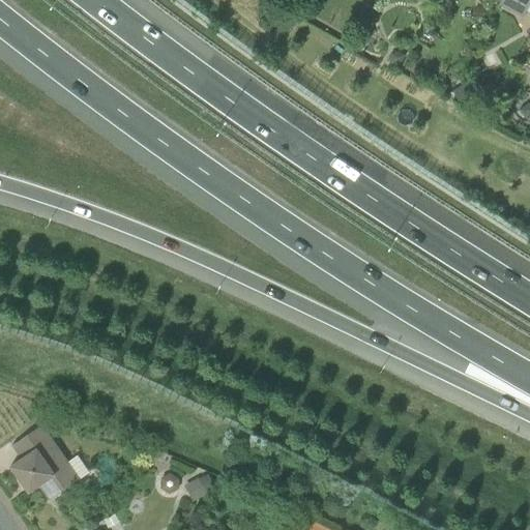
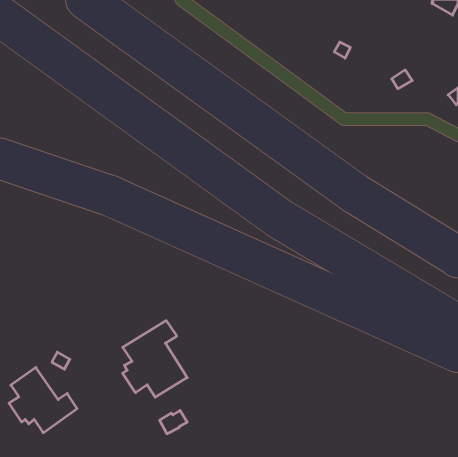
building: none -> [123,321,187,397]

